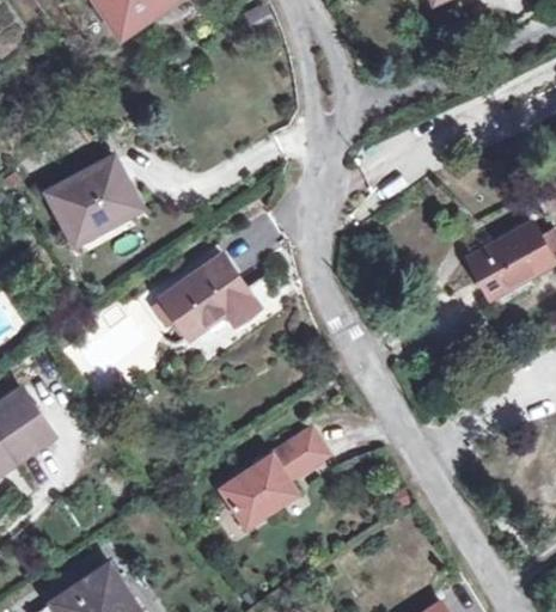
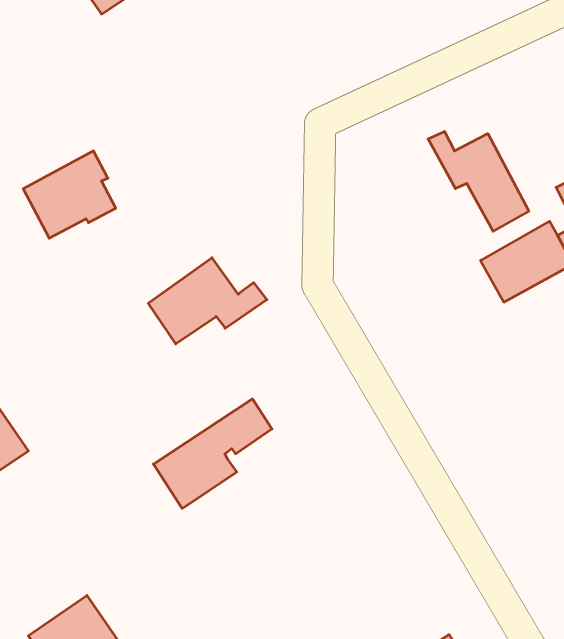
building: none -> [428,131,529,231]
building: [220,428,329,528] -> [153,399,272,508]

